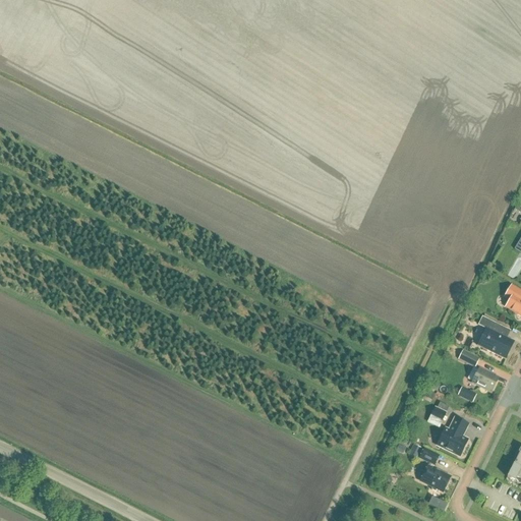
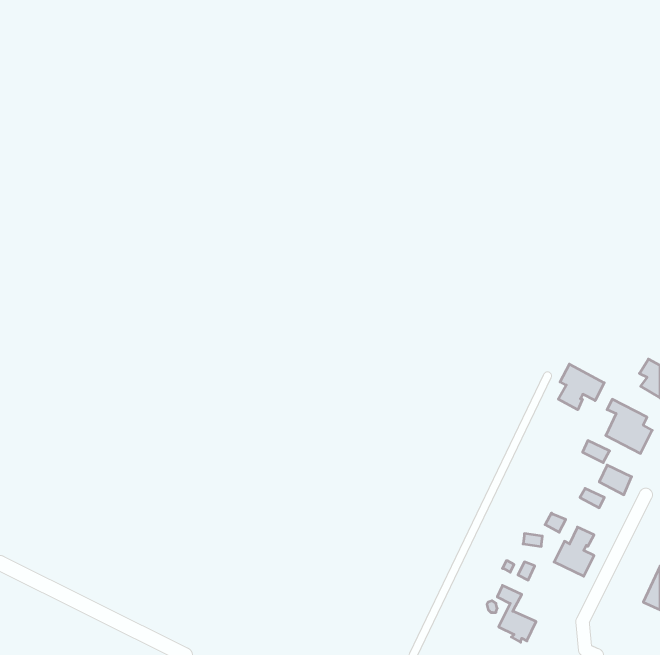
building: none -> [558,364,604,410]
building: [419,446,450,490] -> [497,585,536,642]

